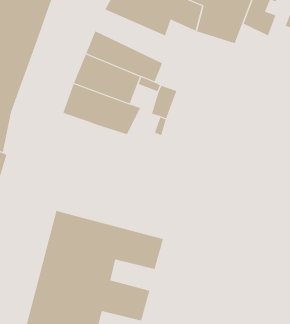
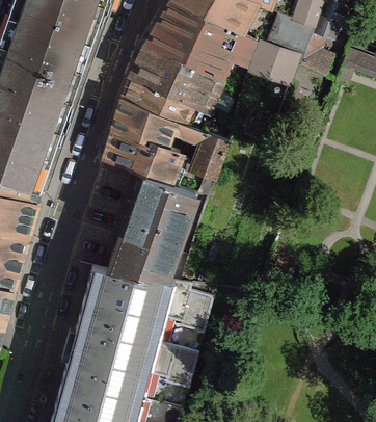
building: none -> [137,47,219,105]
building: none -> [106,173,198,285]

